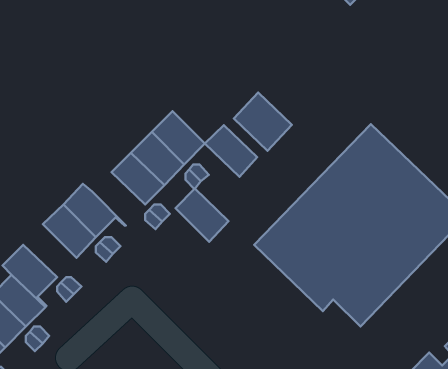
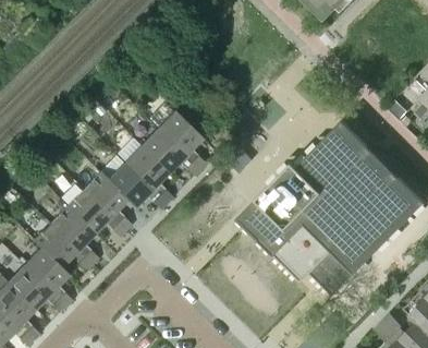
building: [234,92,292,151] -> none
building: [205,125,257,177] -> none
building: [175,189,229,242] -> [108,161,152,206]
building: none -> [50,205,95,250]

